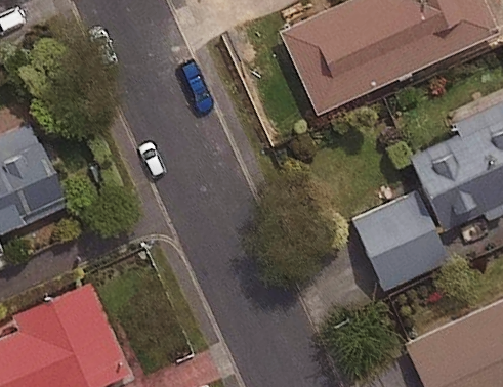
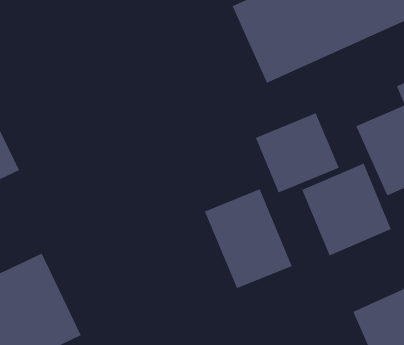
building: none -> [255,112,340,194]
building: none -> [204,188,293,289]

